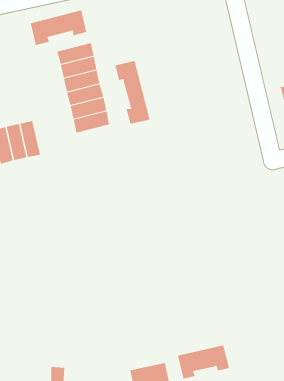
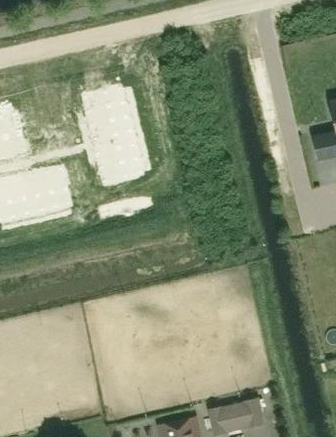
building: [30,10,87,46] -> none
building: [115,60,150,125] -> none

